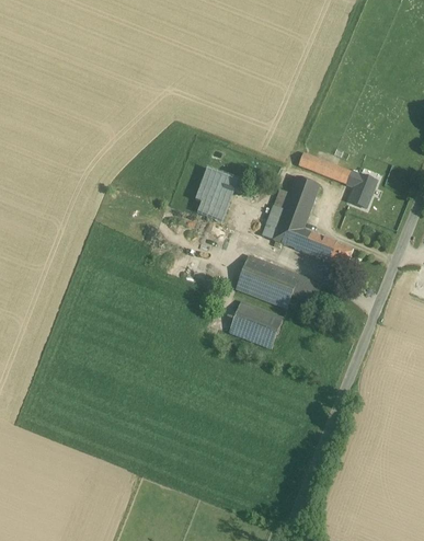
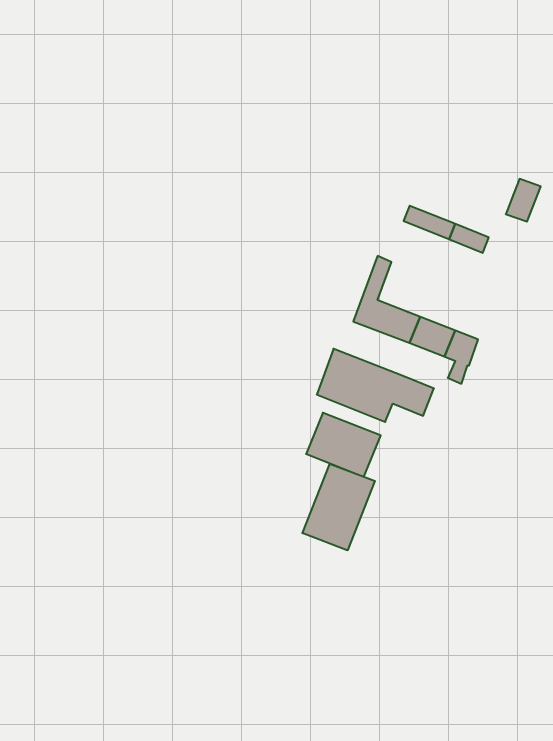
building: [198,166,243,221] -> none
building: [351,175,376,206] -> [506,179,541,222]
building: [280,176,320,229] -> none
building: none -> [302,464,375,550]

